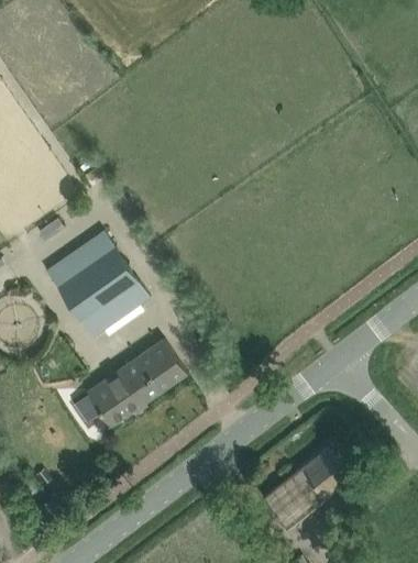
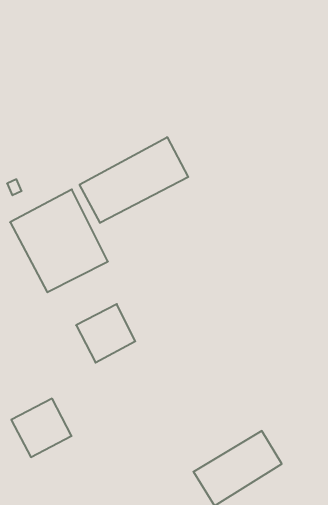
building: none -> [80,137,188,223]
building: [86,367,149,429] -> [11,399,72,457]

